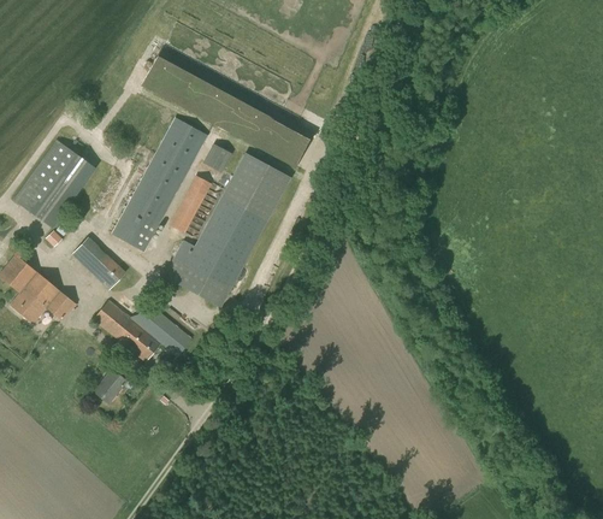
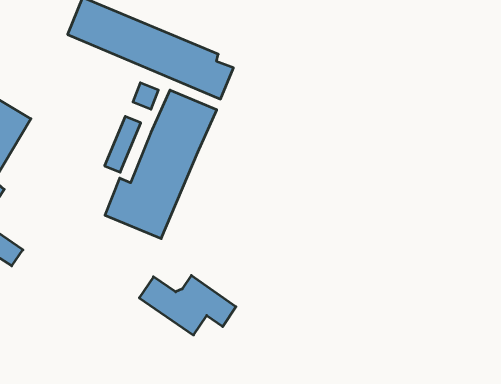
building: [111,117,208,253] -> none
building: [71,237,125,290] -> none
building: [91,299,191,364] -> [139,275,236,335]
building: [93,368,126,405] -> none

